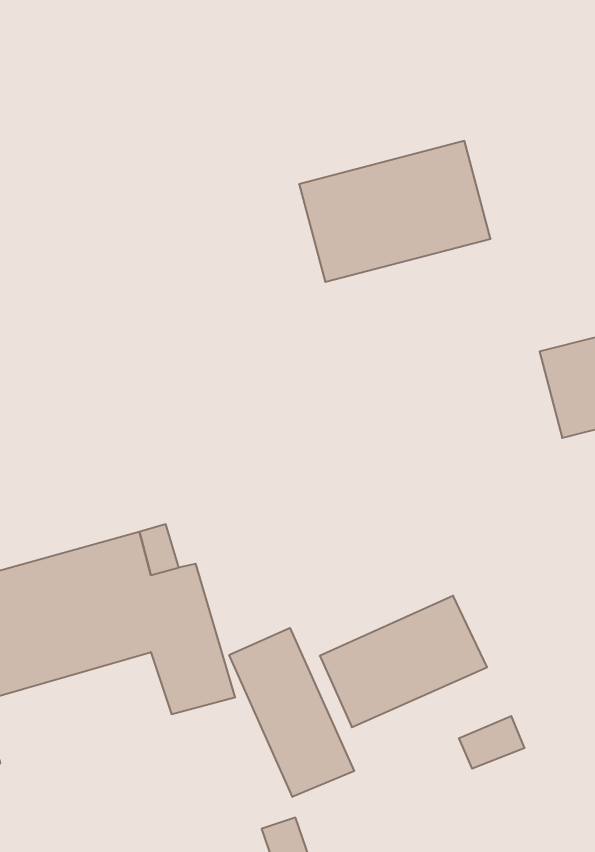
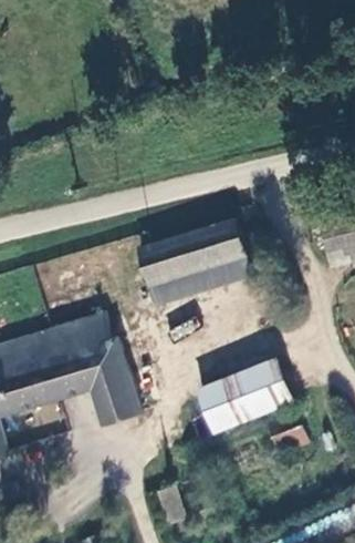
building: [299,141,491,282] -> [140,216,253,299]
building: [229,628,354,797] -> none

